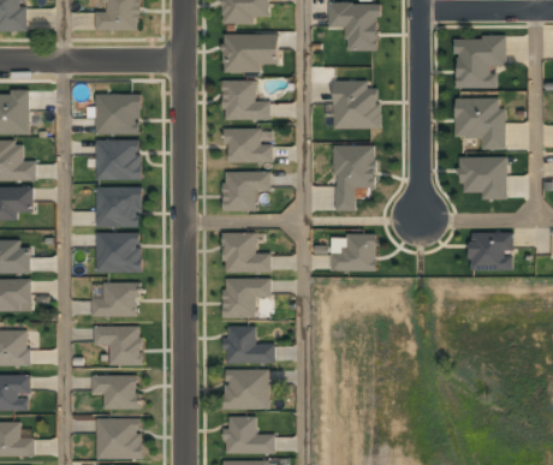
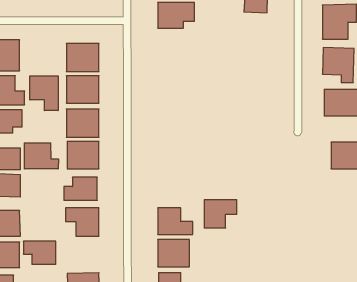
building: [333,81,380,129] -> none
building: [221,82,268,119] -> none
building: [225,130,272,163] -> none
building: none -> [30,76,58,111]
building: [333,145,375,209] -> none
building: [222,172,269,211] -> none
building: [331,232,376,270] -> none
building: [222,233,269,272] -> none
building: none -> [24,143,58,169]
building: [224,278,269,317] -> [204,200,237,228]
building: [91,376,137,409] -> [23,241,56,264]

